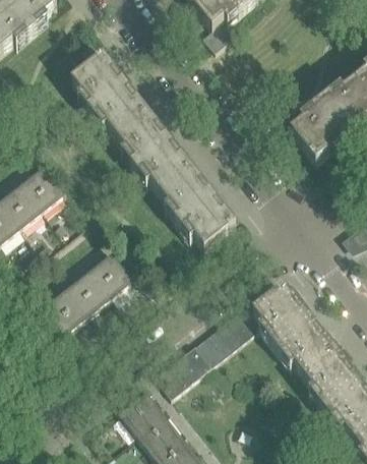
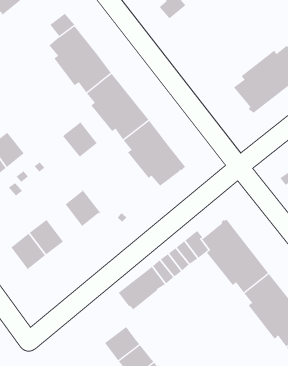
building: [21,164,64,208] -> [62,121,98,158]
building: [68,269,110,312] -> none
building: [117,390,163,433] -> none

